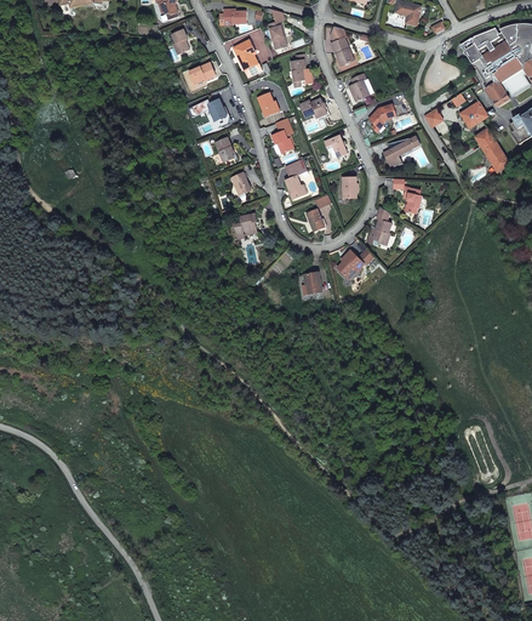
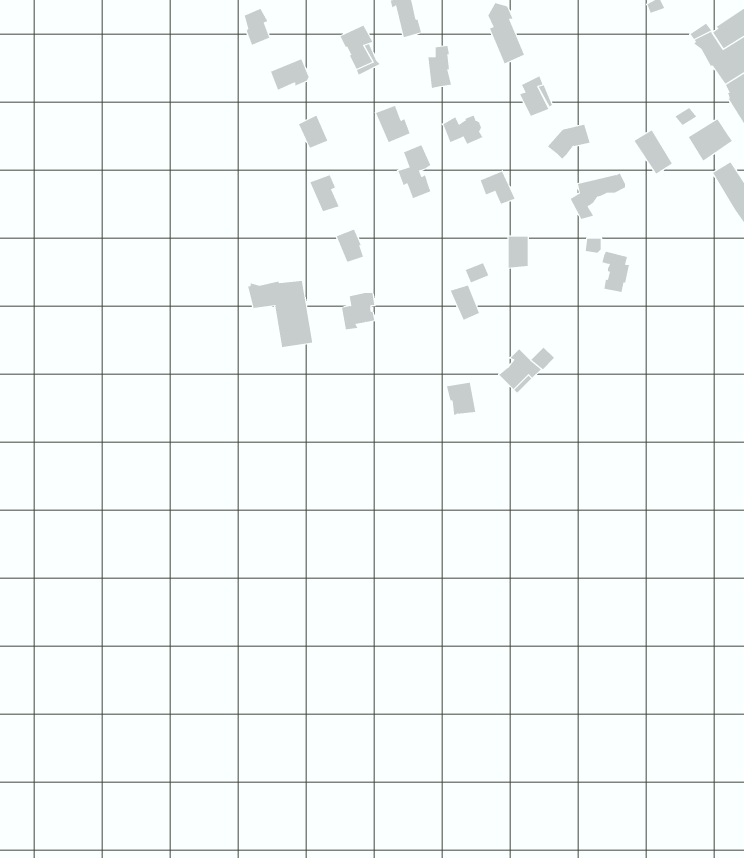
building: [285,159,308,199] -> none
building: none -> [247,280,313,348]
building: [367,207,391,245] -> none

